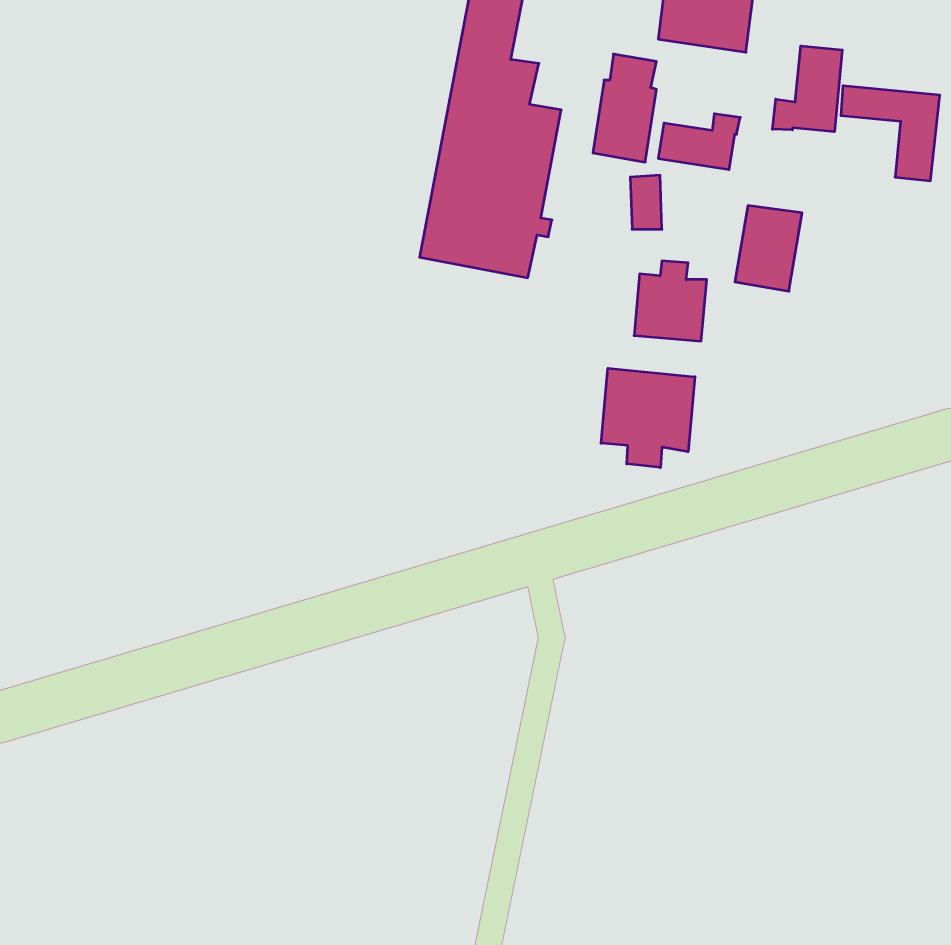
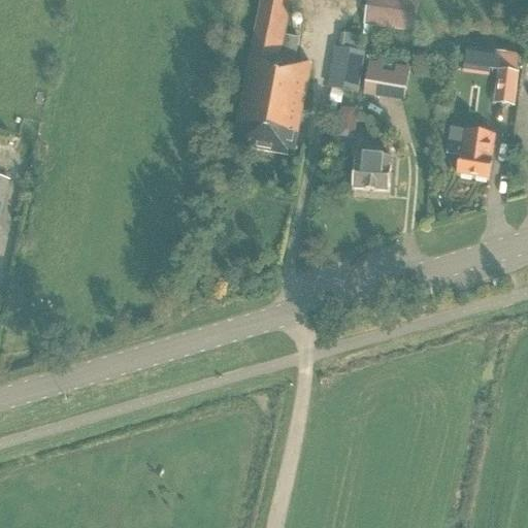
building: [772,46,842,132] -> none
building: [735,206,802,291] -> [457,129,494,176]
building: [601,368,695,468] -> none

